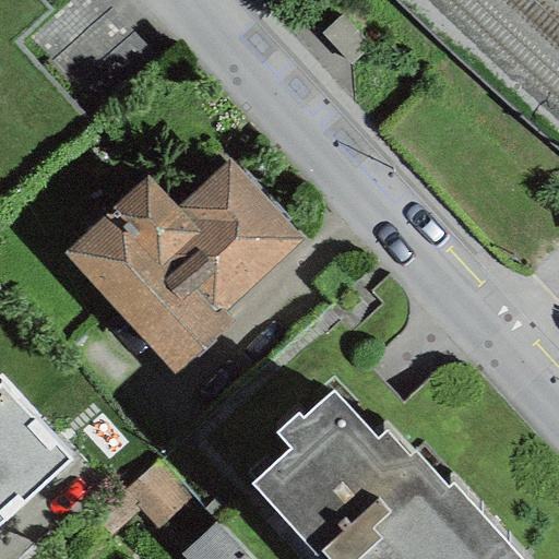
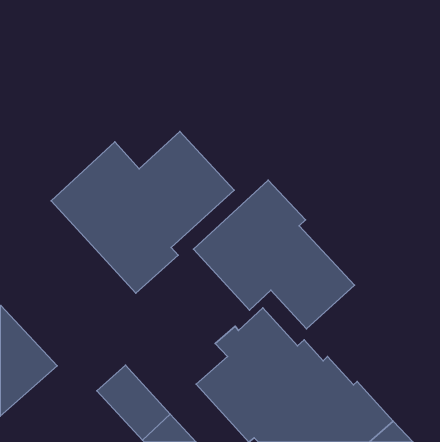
building: none -> [193,180,355,329]

